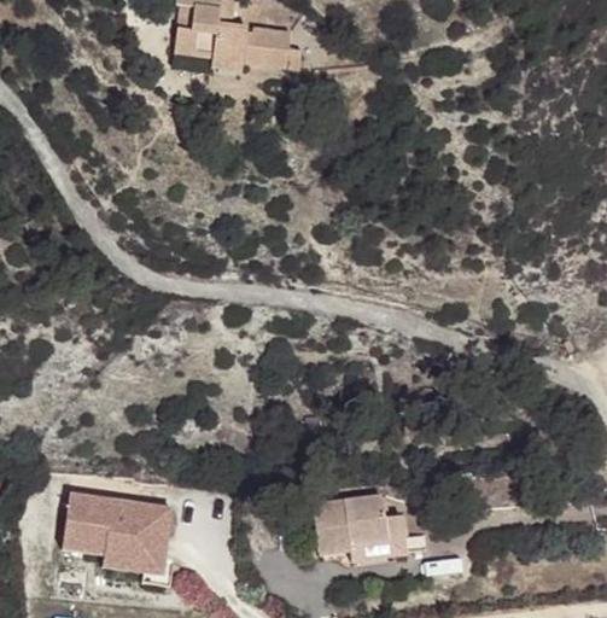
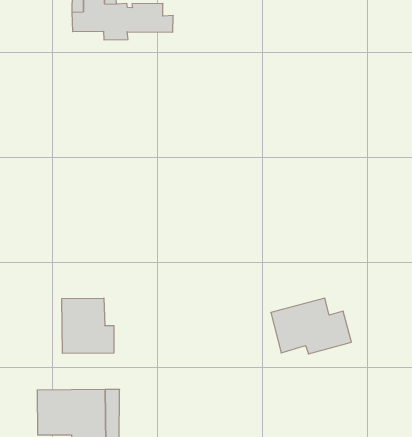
building: none -> [62,298,114,353]
building: [314,495,409,561] -> [271,298,351,354]

